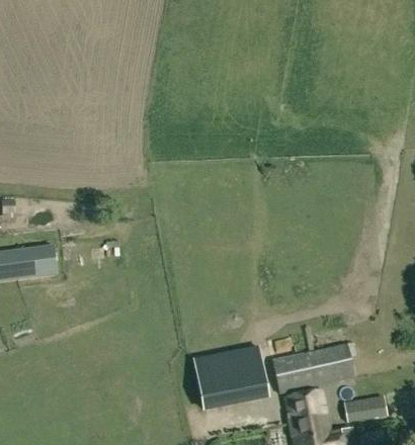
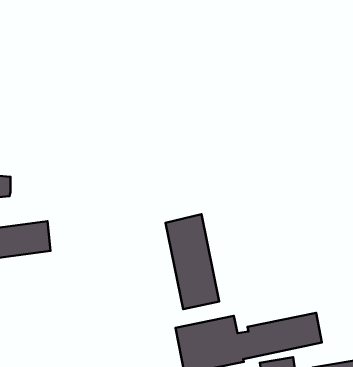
building: none -> [166,214,219,309]

